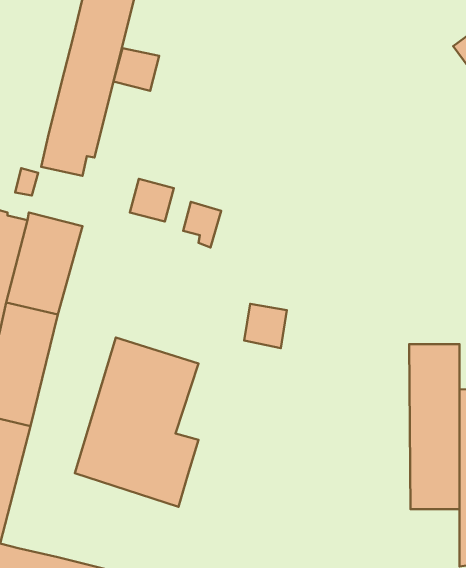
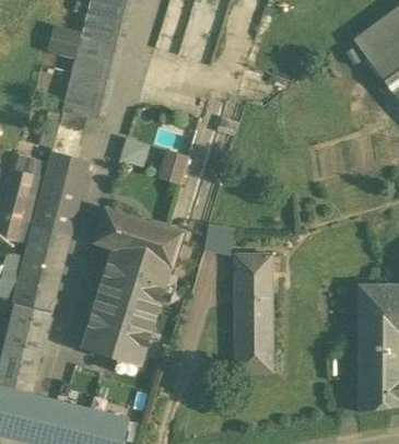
building: [113,48,159,91] -> [48,26,81,57]
building: none -> [93,208,181,266]
building: [409,344,459,509] -> [235,254,271,372]

